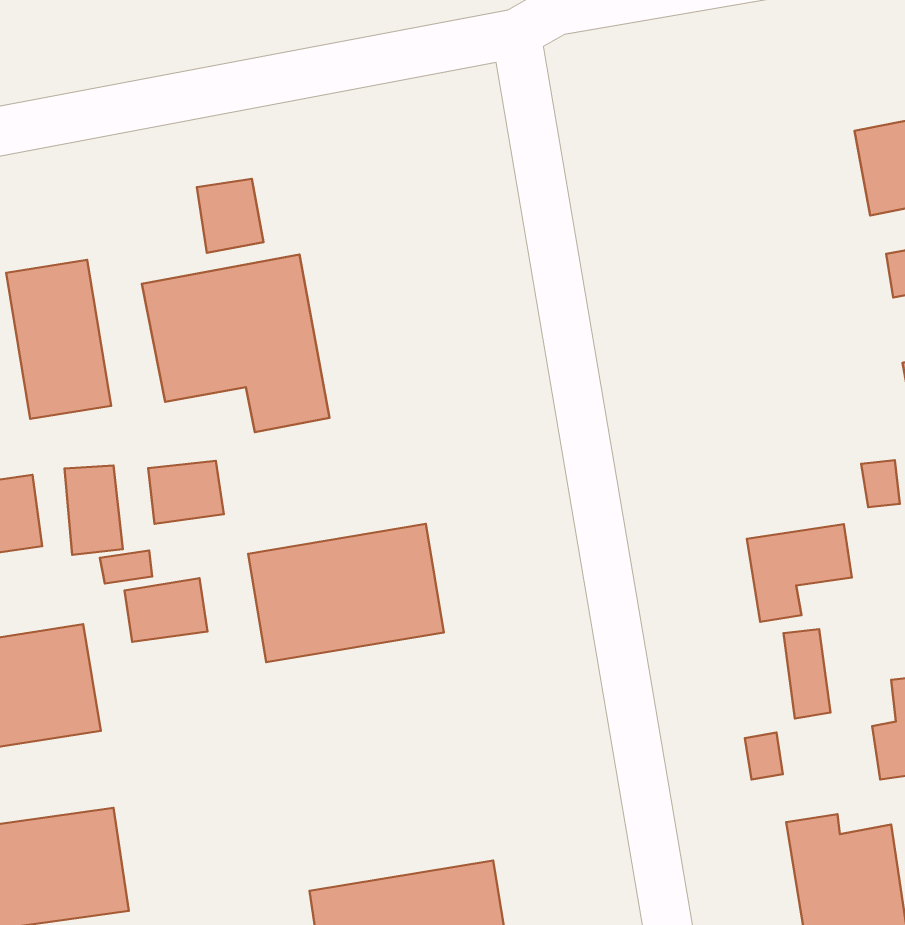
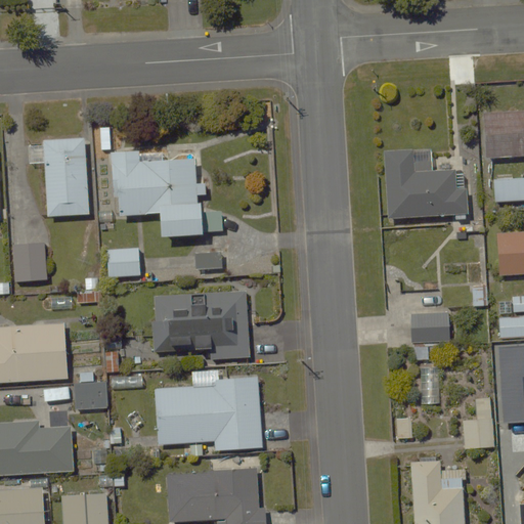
building: [197,179,264,253] -> none
building: none -> [382,148,465,222]
building: [65,466,123,555] -> none
building: [125,578,207,642] -> [73,381,113,409]
building: none -> [154,382,260,452]

